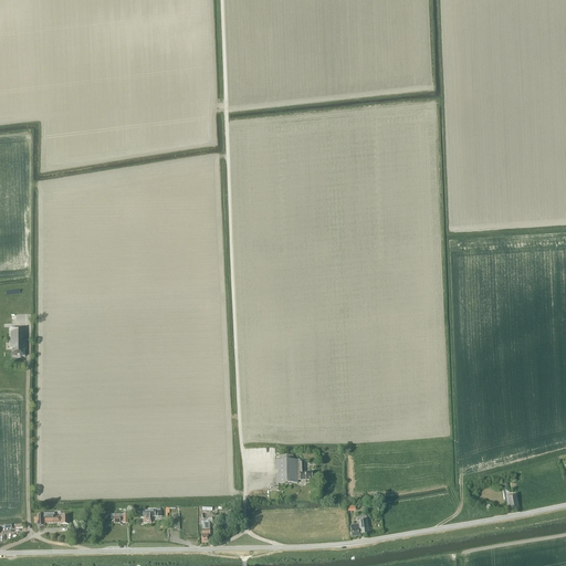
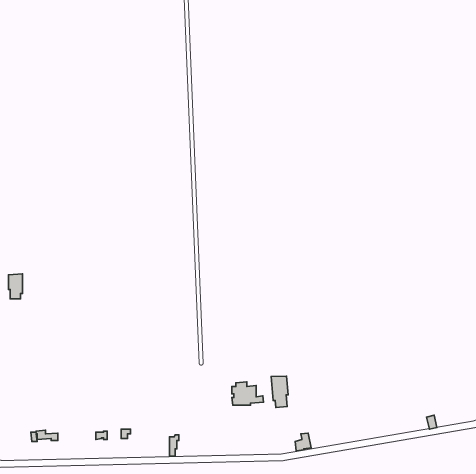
building: none -> [271,376,288,407]

